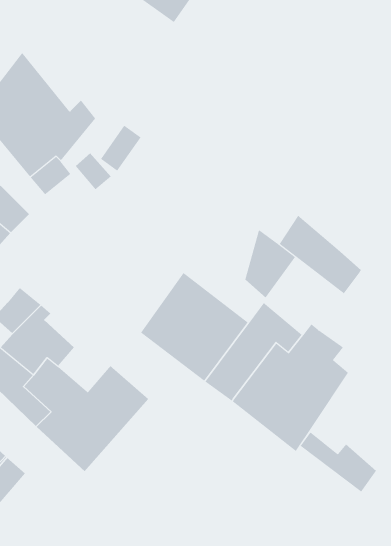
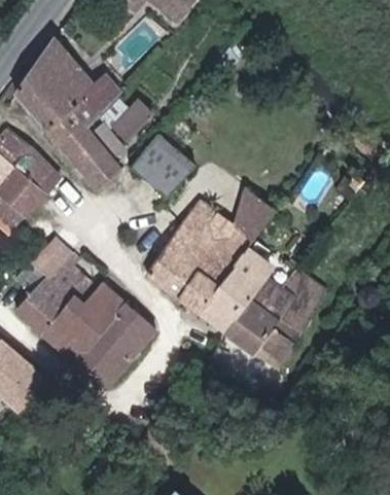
building: none -> [131,135,192,197]
building: none -> [70,144,118,190]
building: [279,215,362,294] -> [183,201,251,266]
building: none -> [81,279,123,322]
building: [300,432,377,493] -> none

